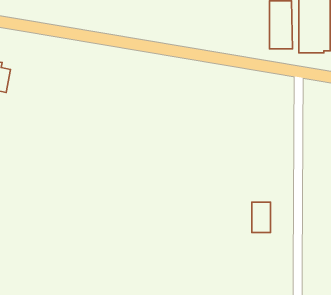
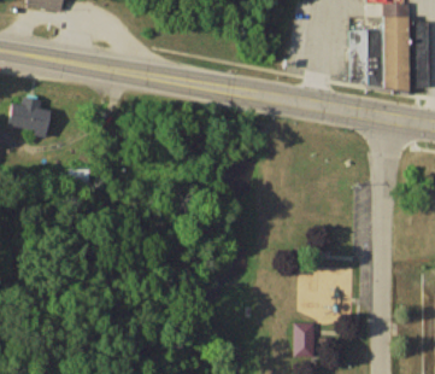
building: [252,202,271,232] -> [294,322,316,357]

